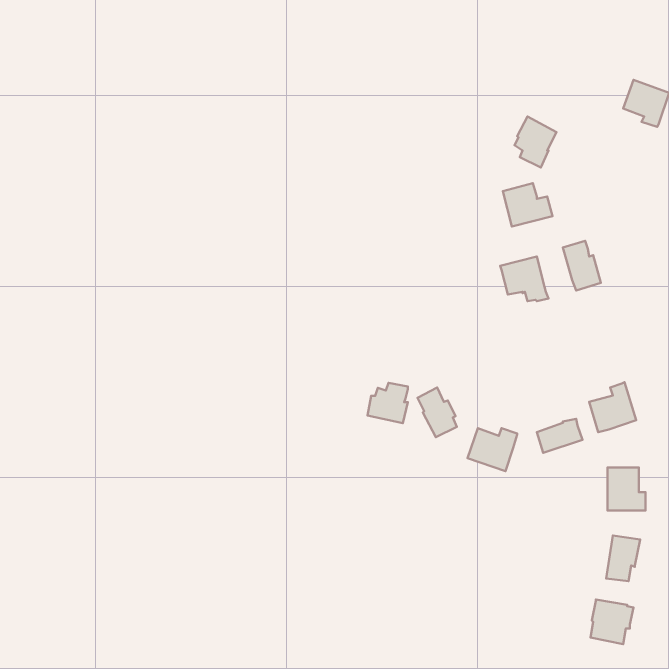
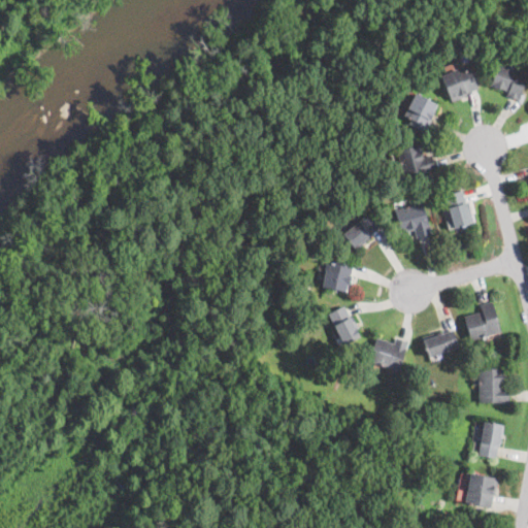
building: none -> [439,66,477,102]
building: none -> [342,212,380,250]
building: [367,383,408,423] -> [321,260,353,292]

